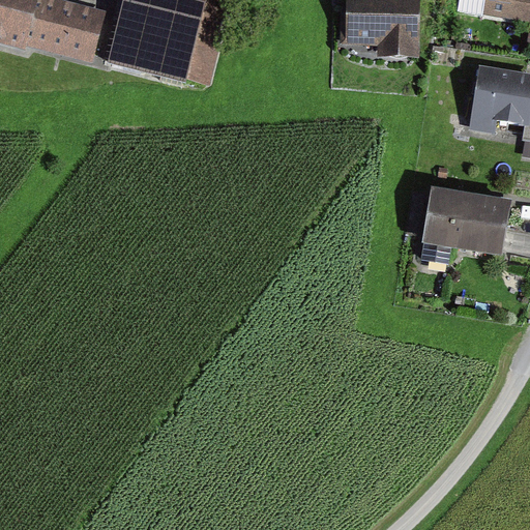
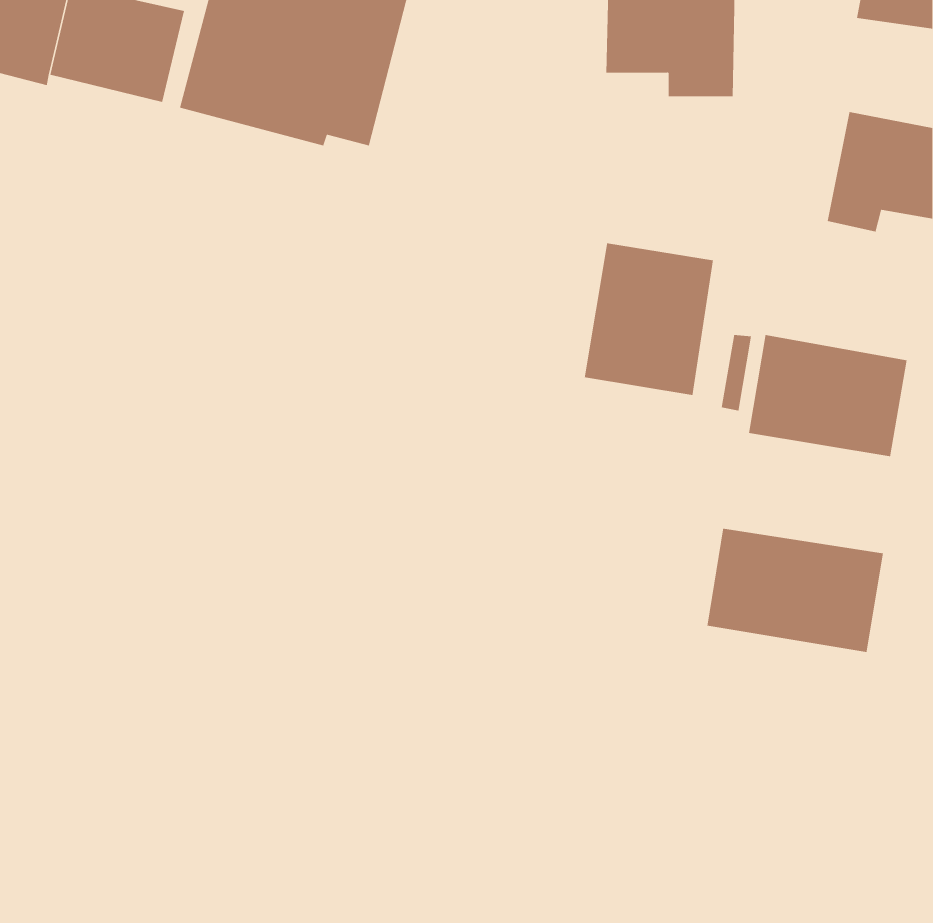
building: none -> [584,243,714,396]
building: none -> [707,528,884,653]

